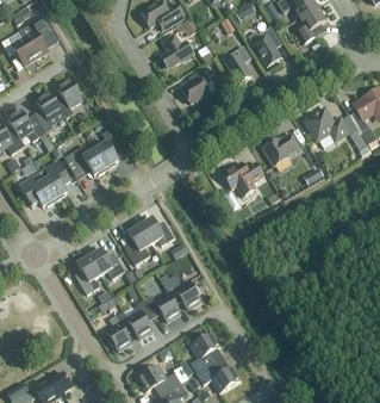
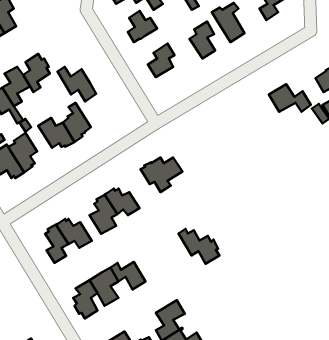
building: none -> [57,67,96,101]
building: [262,132,299,166] -> none
building: [222,161,264,197] -> [141,157,182,192]
building: [160,273,201,309] -> [179,229,219,264]

